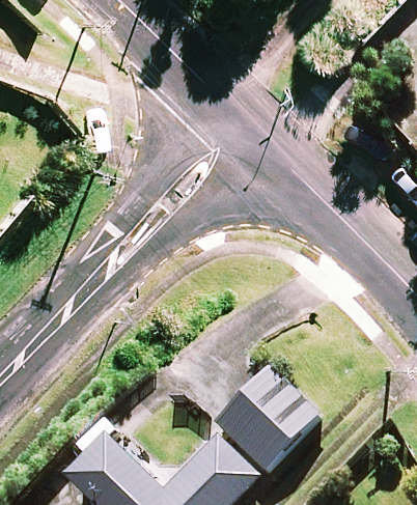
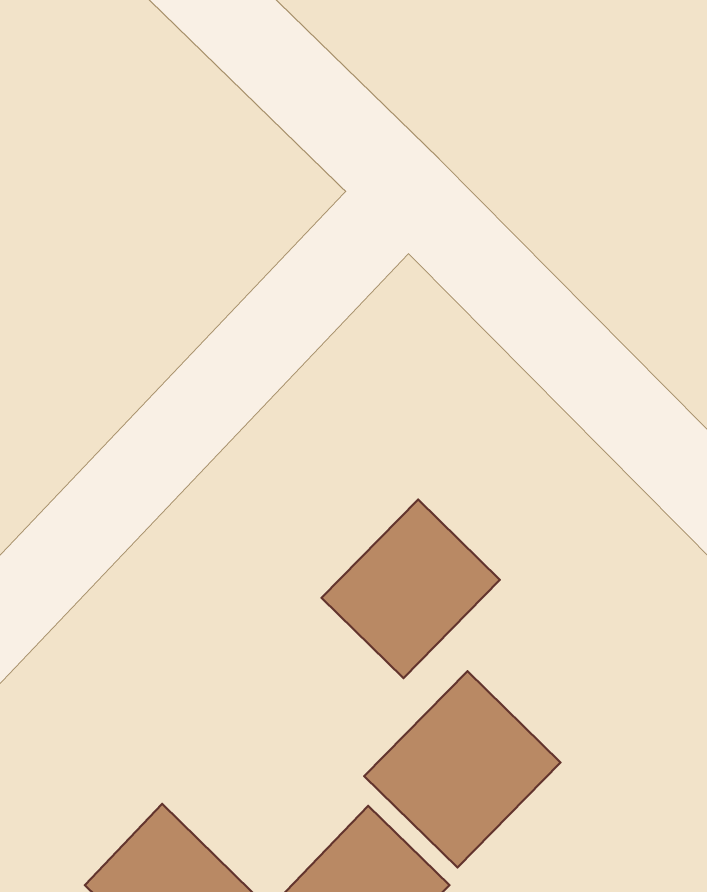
building: none -> [321,499,500,678]

